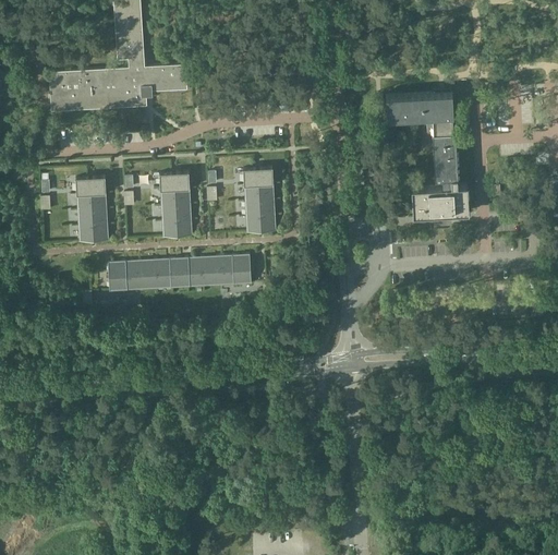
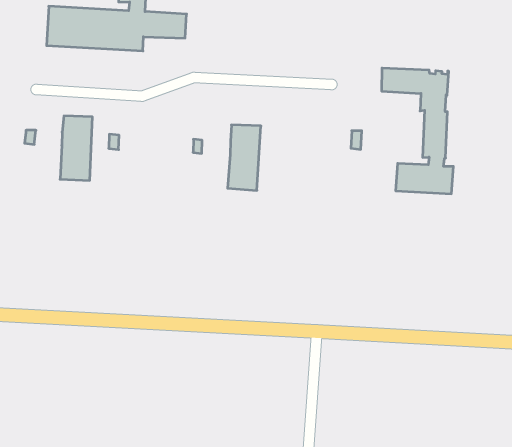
building: [159,172,192,238] -> none
building: [108,254,252,291] -> none

